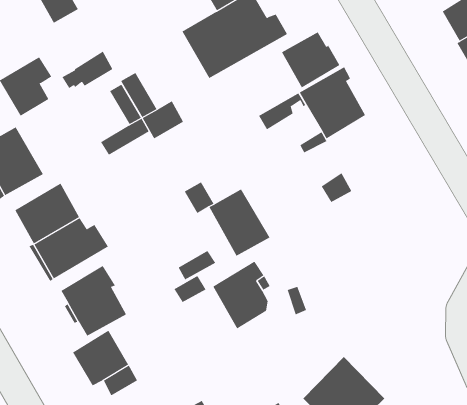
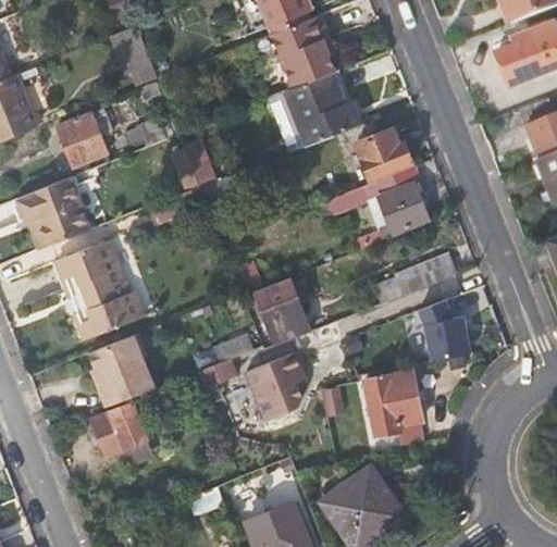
building: none -> [397,253,457,296]
building: none -> [419,298,471,360]
building: none -> [367,370,424,434]

